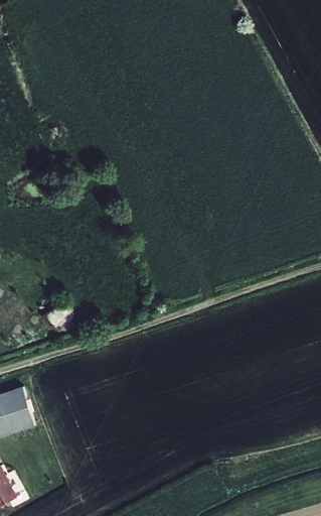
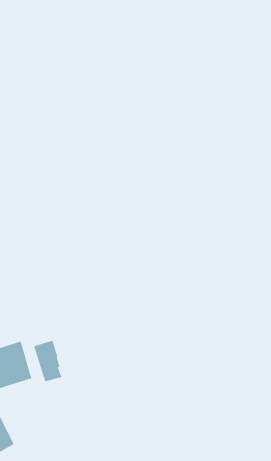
building: none -> [34,340,62,382]

